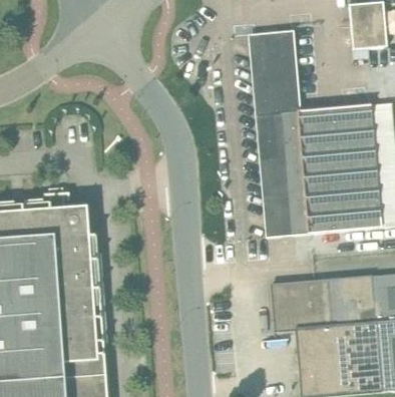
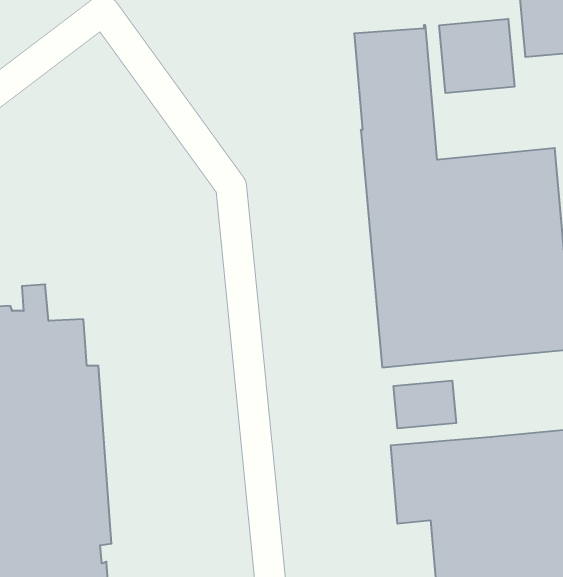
building: none -> [439,19,514,93]
building: none -> [394,381,456,428]

